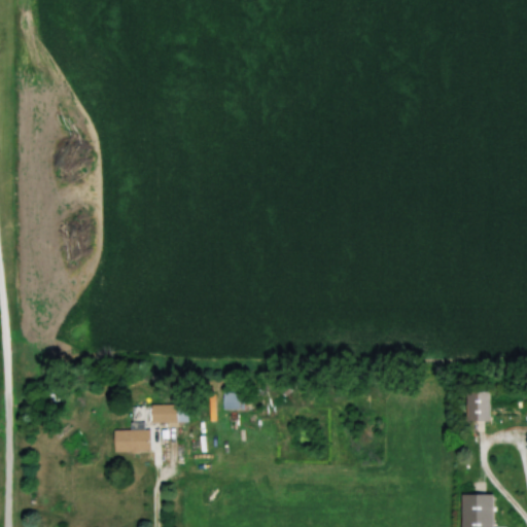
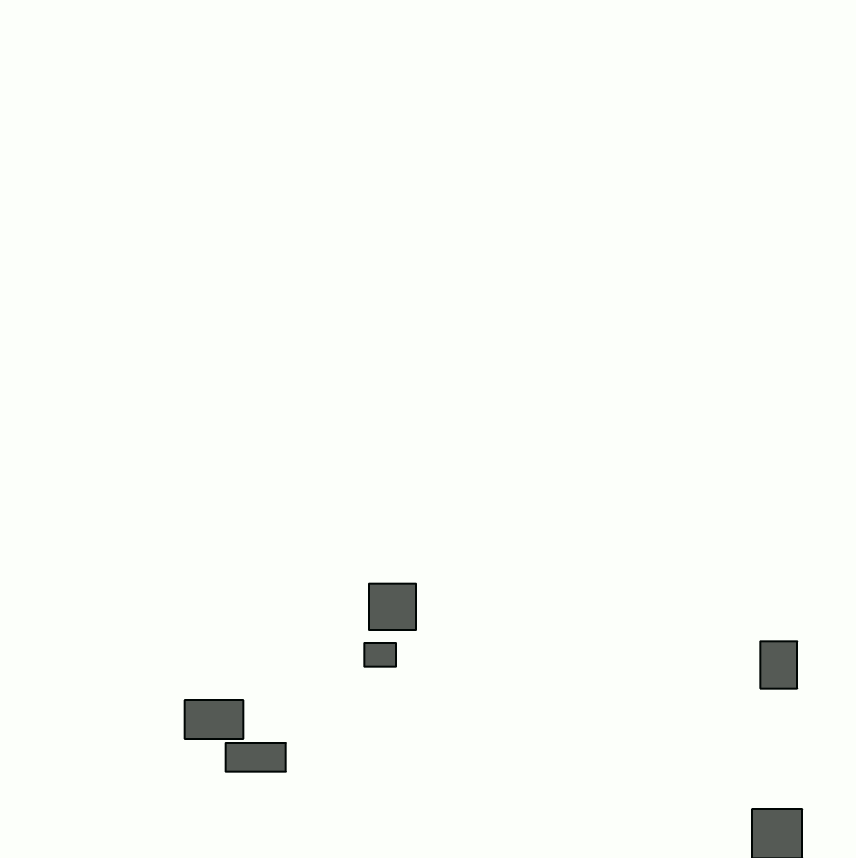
building: none -> [369,584,416,630]
building: [150,406,187,423] -> [226,743,286,772]

